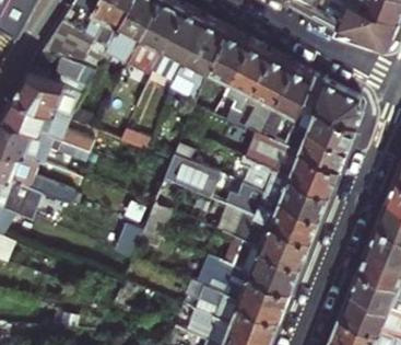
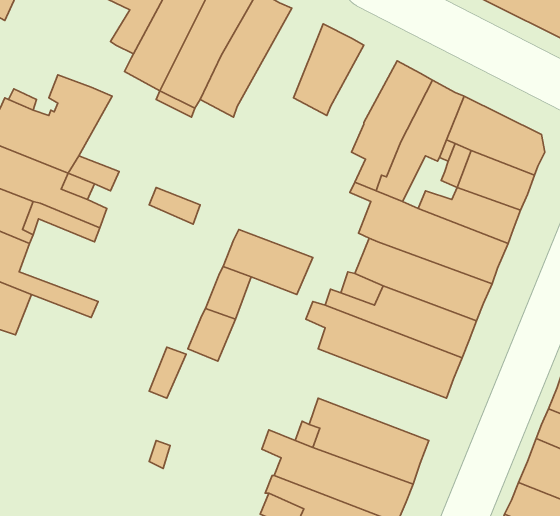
building: [164,16,222,104] -> none
building: [39,21,104,71] -> none
building: [215,39,268,128] -> none
building: [208,229,298,286] -> none

